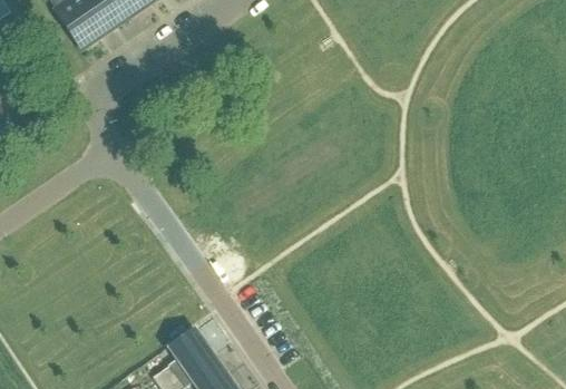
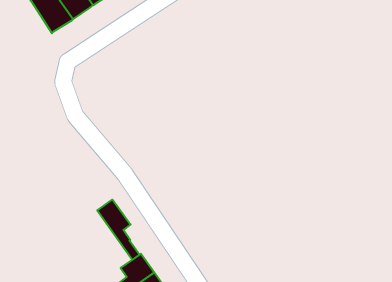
building: none -> [97,200,140,260]

